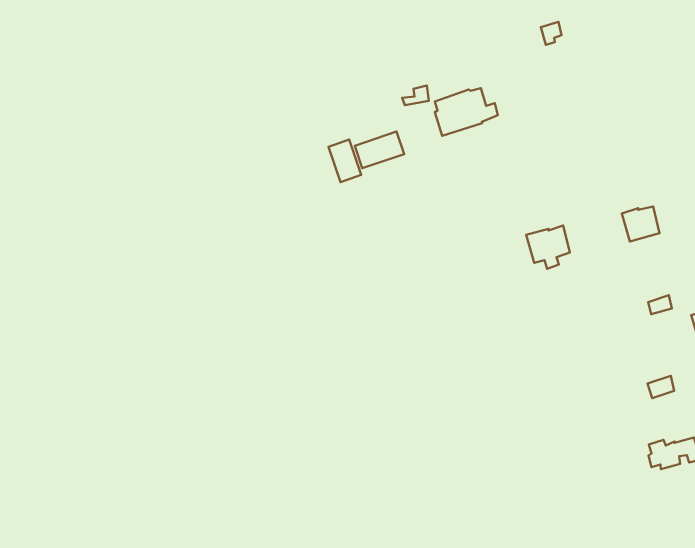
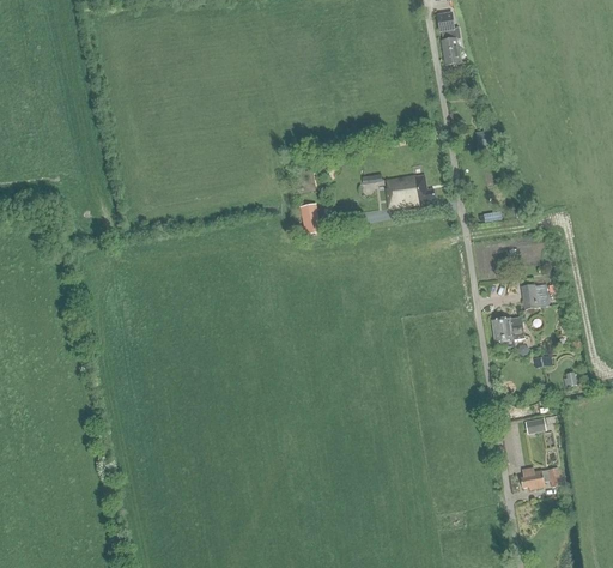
building: [355,132,404,168] -> none
building: [526,226,570,269] -> [492,315,524,348]

